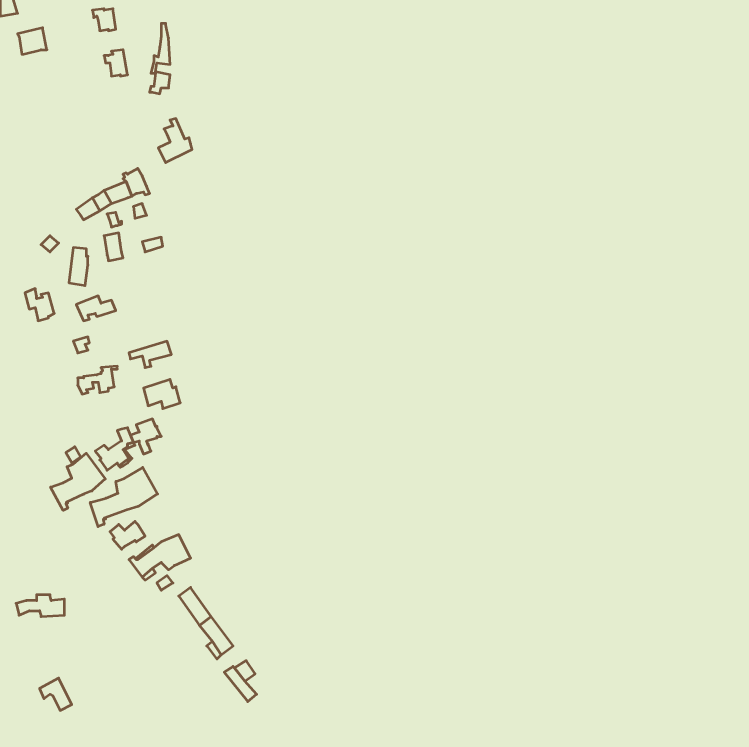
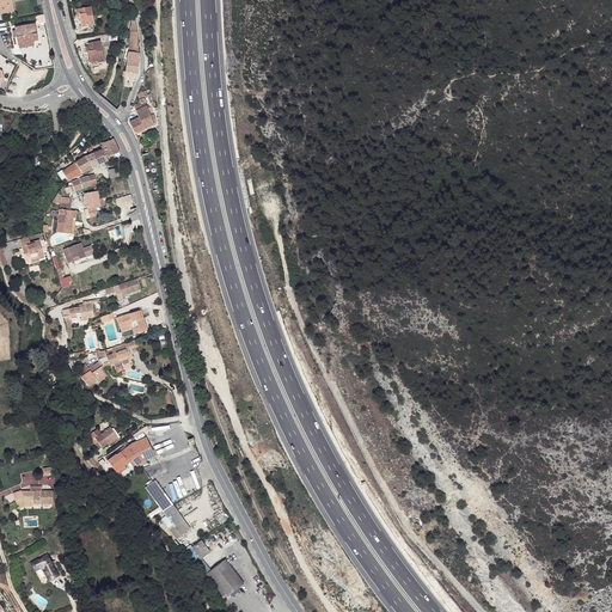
building: [51,453,105,510] -> none
building: [90,467,158,527] -> none
building: none -> [206,558,244,598]

